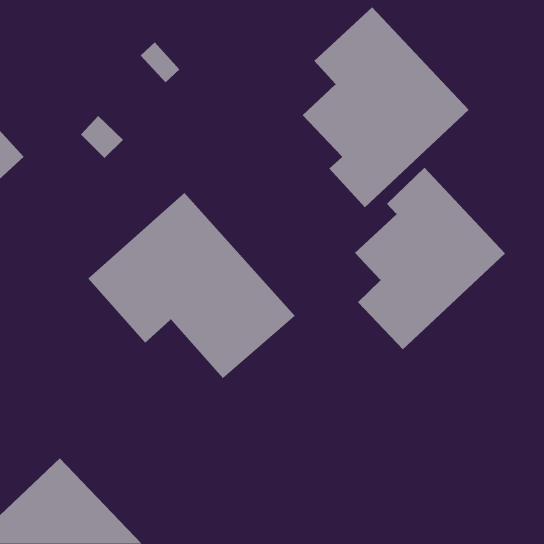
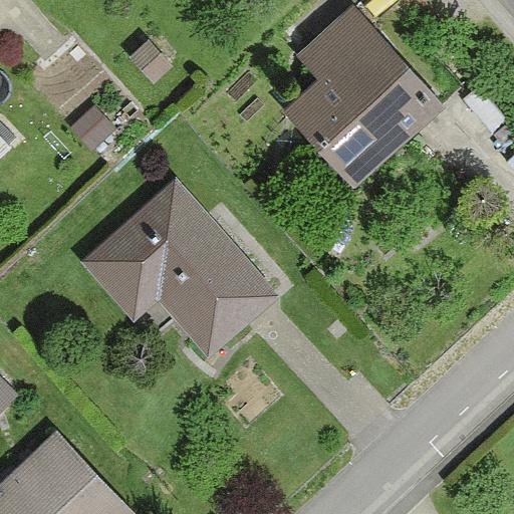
building: [354,167,506,350] -> none

